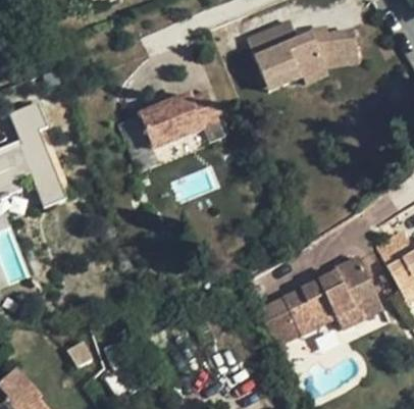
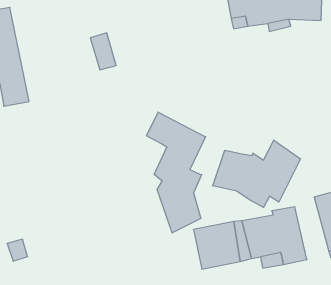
building: [143,88,219,141] -> none
building: none -> [146,112,206,233]
building: none -> [213,140,300,207]

